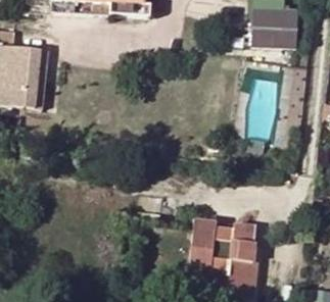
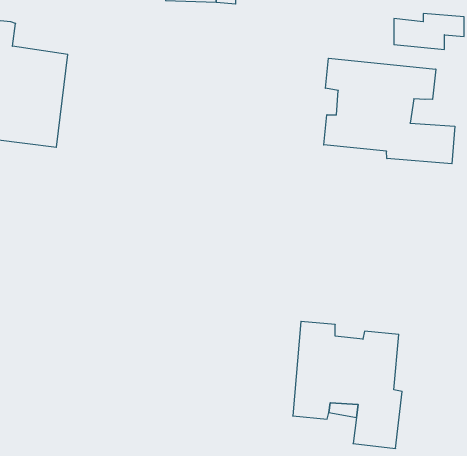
building: none -> [324,58,455,164]

